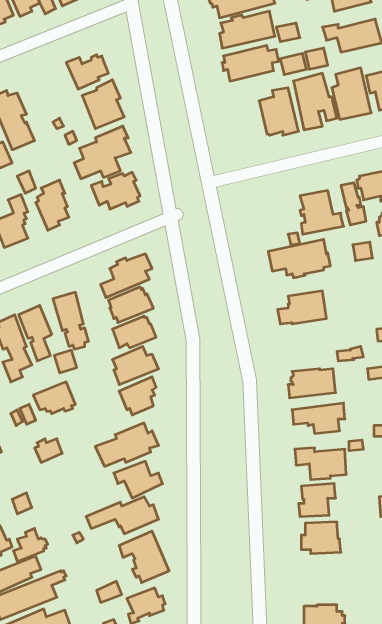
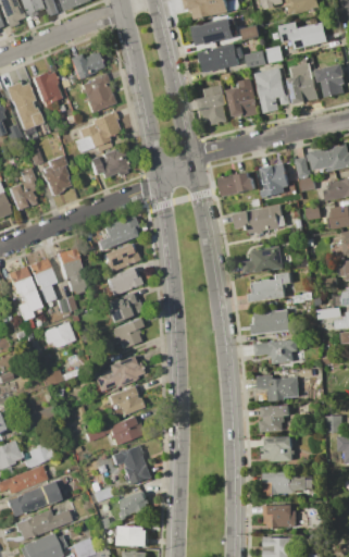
building: none -> [32,71,62,102]
building: none -> [199,85,227,125]
building: none -> [219,172,254,198]
building: none -> [249,272,291,302]
building: none -> [264,473,307,495]

